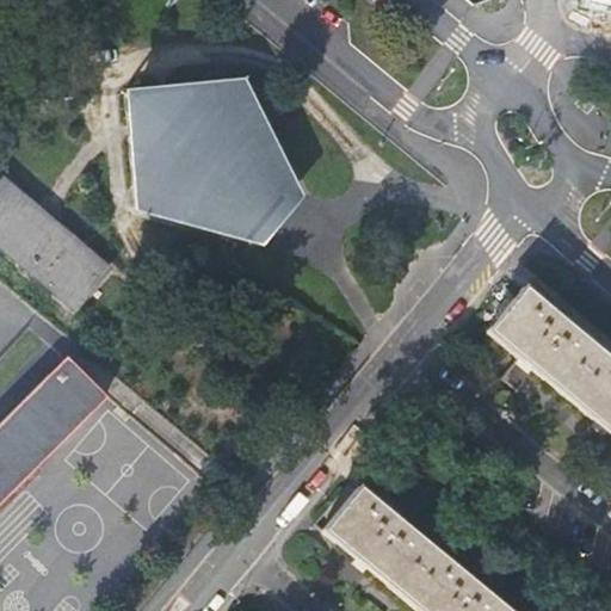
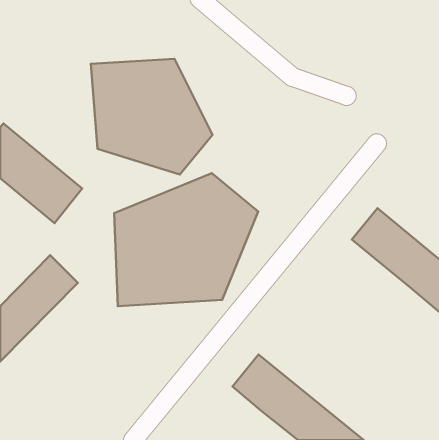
building: none -> [114,173,258,306]

